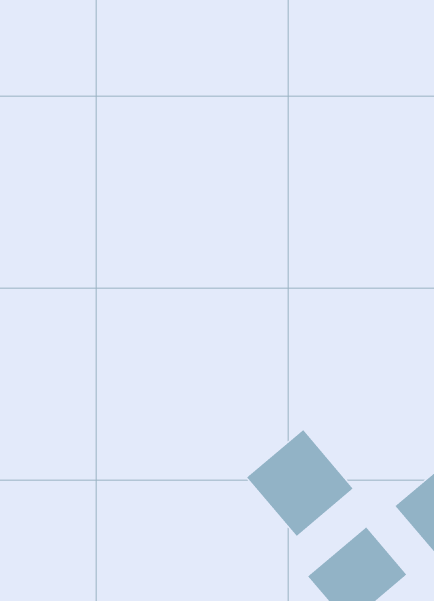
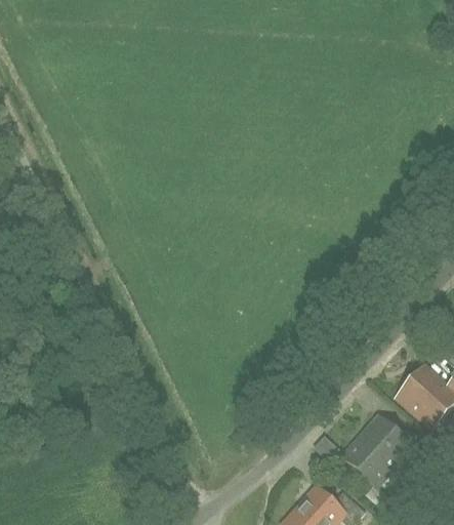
building: [246,429,354,537] -> none

